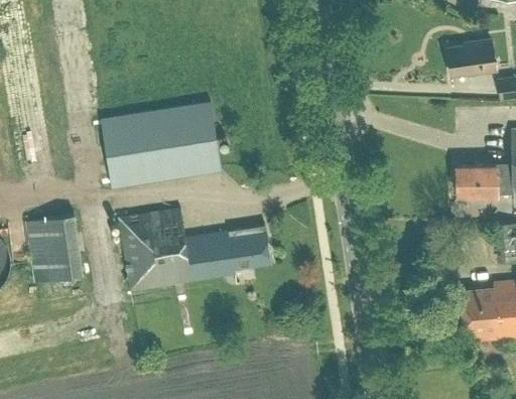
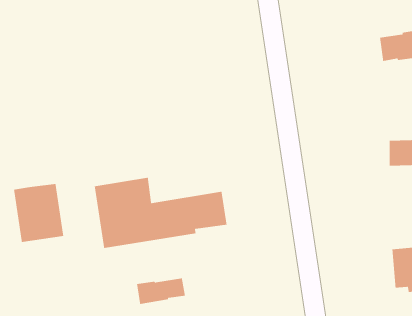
building: [102,102,222,187] -> none
building: none -> [136,278,186,305]

